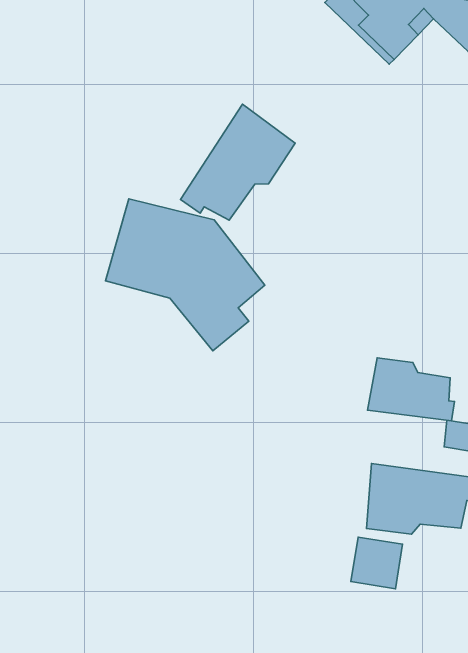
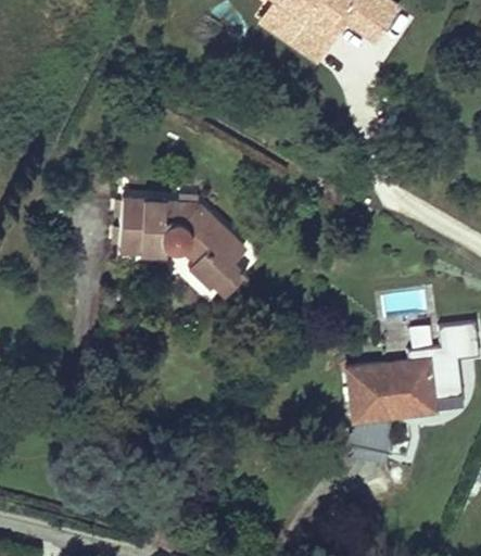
building: [180,104,295,220] -> none
building: [367,358,454,421] -> none

